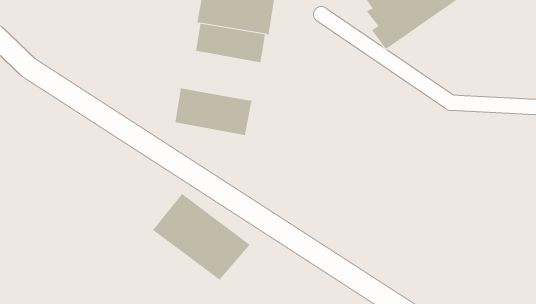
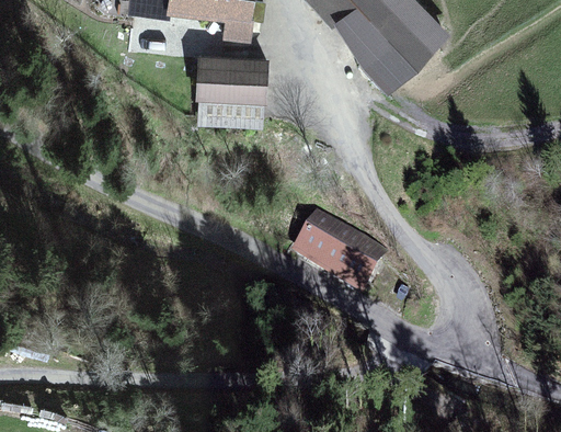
building: [175,87,252,136] -> none
building: [152,193,250,280] -> [291,218,389,298]

